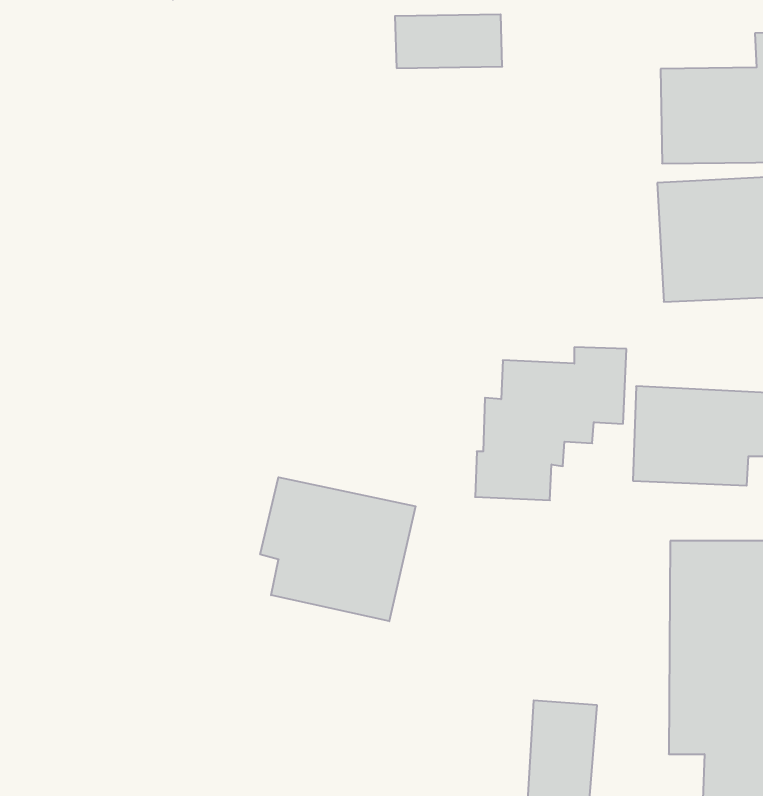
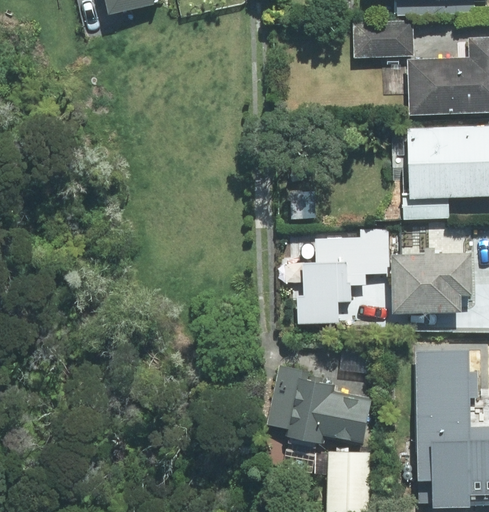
building: [395,14,502,68] -> [348,22,414,55]
building: [260,477,416,621] -> none
building: none -> [264,365,380,444]

